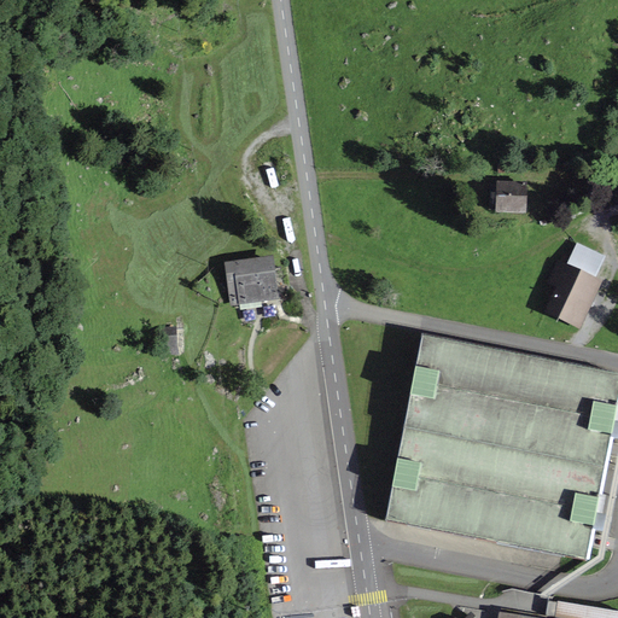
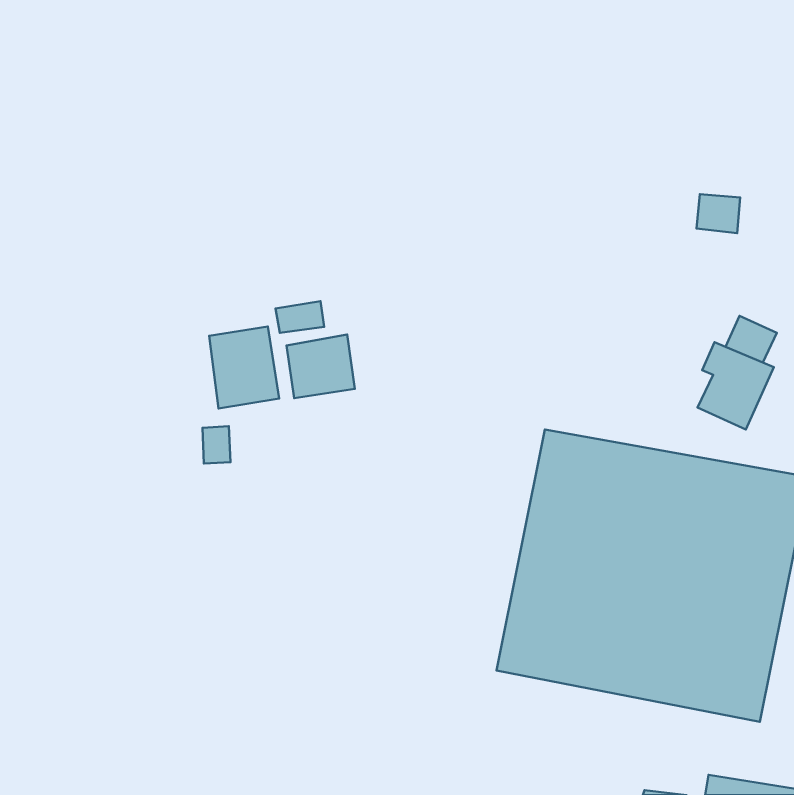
building: [492,188,526,218] -> [697,194,740,233]
building: none -> [276,301,324,333]
building: none -> [209,326,279,409]

